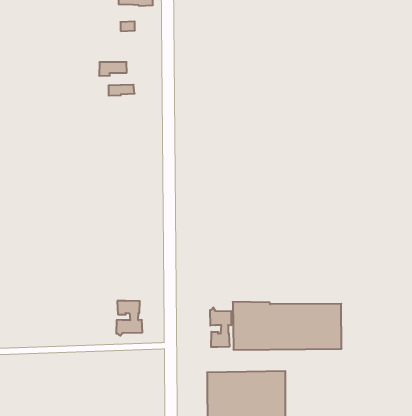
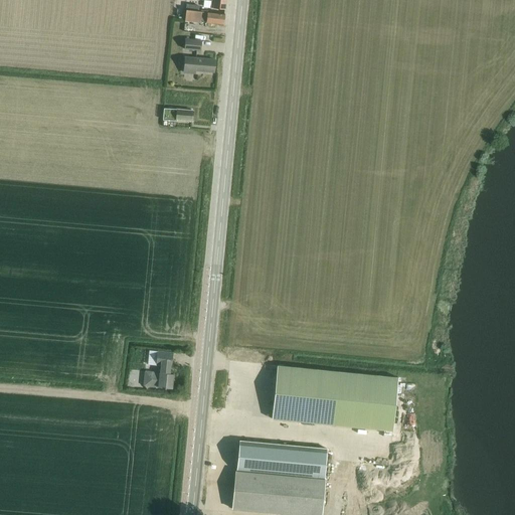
building: [99,62,127,76] -> [183,57,215,73]
building: [210,307,231,347] -> none

